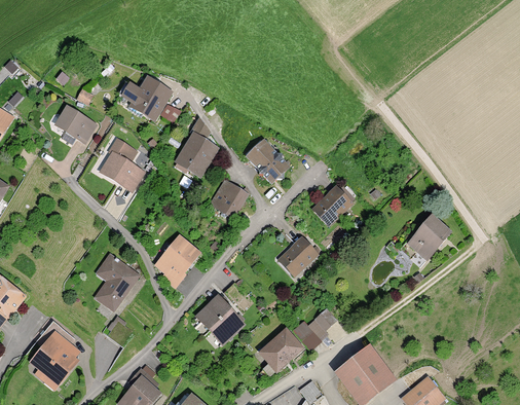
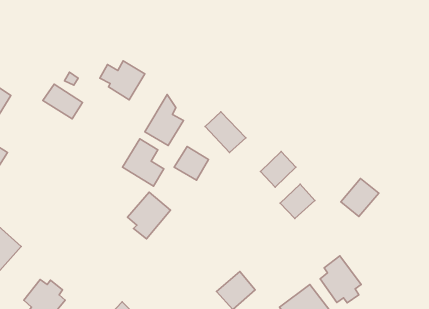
building: [96,137,145,193] -> [123,139,164,186]
building: [277,236,319,278] -> [280,184,315,219]
building: [92,252,141,312] -> none
building: [195,295,245,344] -> none
building: [294,304,339,340] -> none
building: none -> [320,256,361,303]

